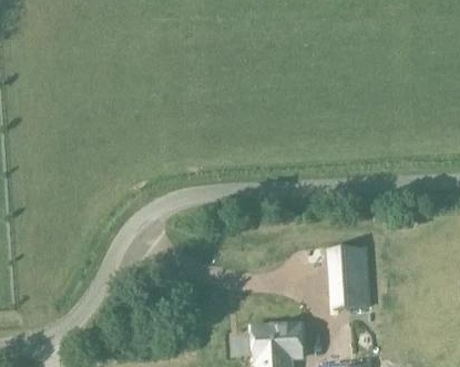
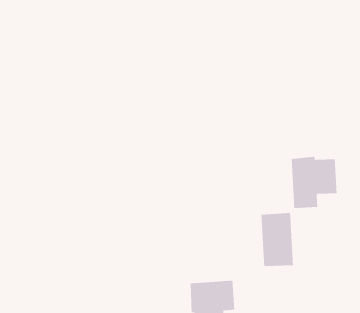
building: none -> [291,156,337,209]

